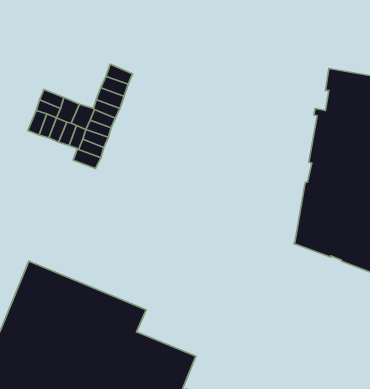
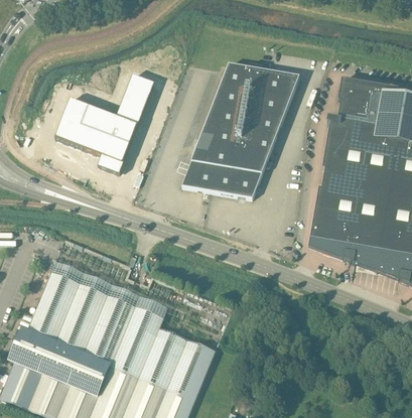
building: none -> [180,62,299,197]

